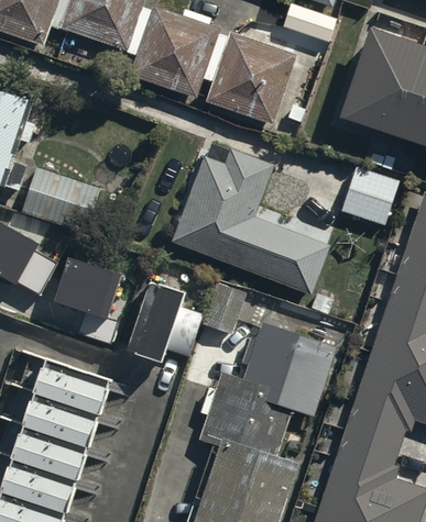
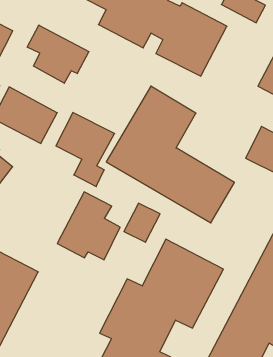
building: none -> [27,25,89,83]
building: [53,257,122,343] -> [56,113,115,187]

